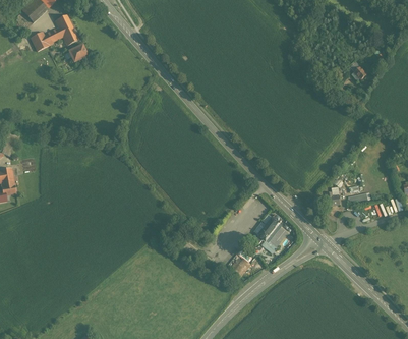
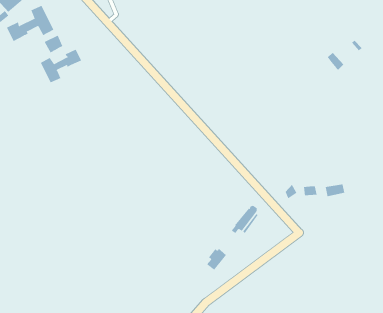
building: none -> [40,49,82,83]

